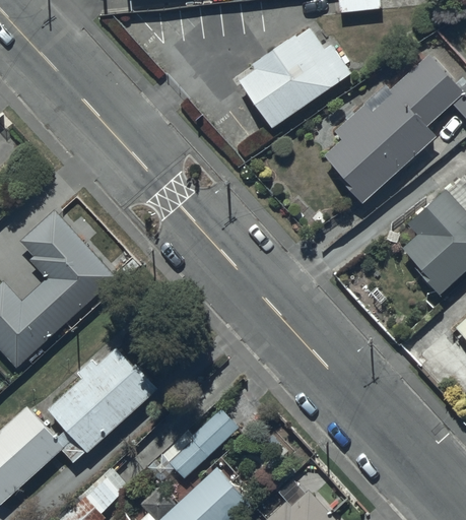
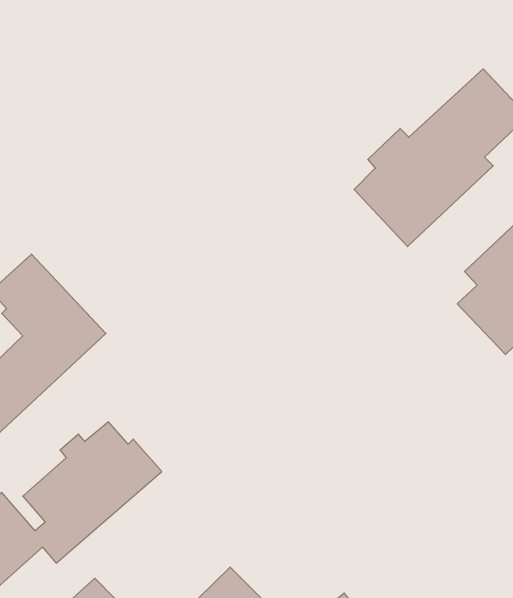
building: [232,27,348,129] -> none
building: [147,408,240,483] -> none

